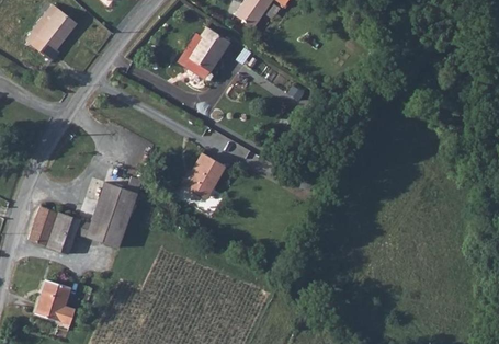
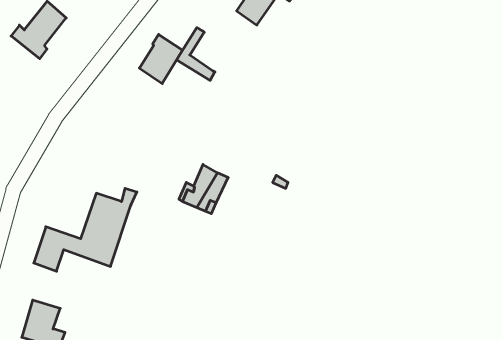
building: [190,25,229,70] -> [139,34,183,84]
building: [29,206,58,245] -> none

